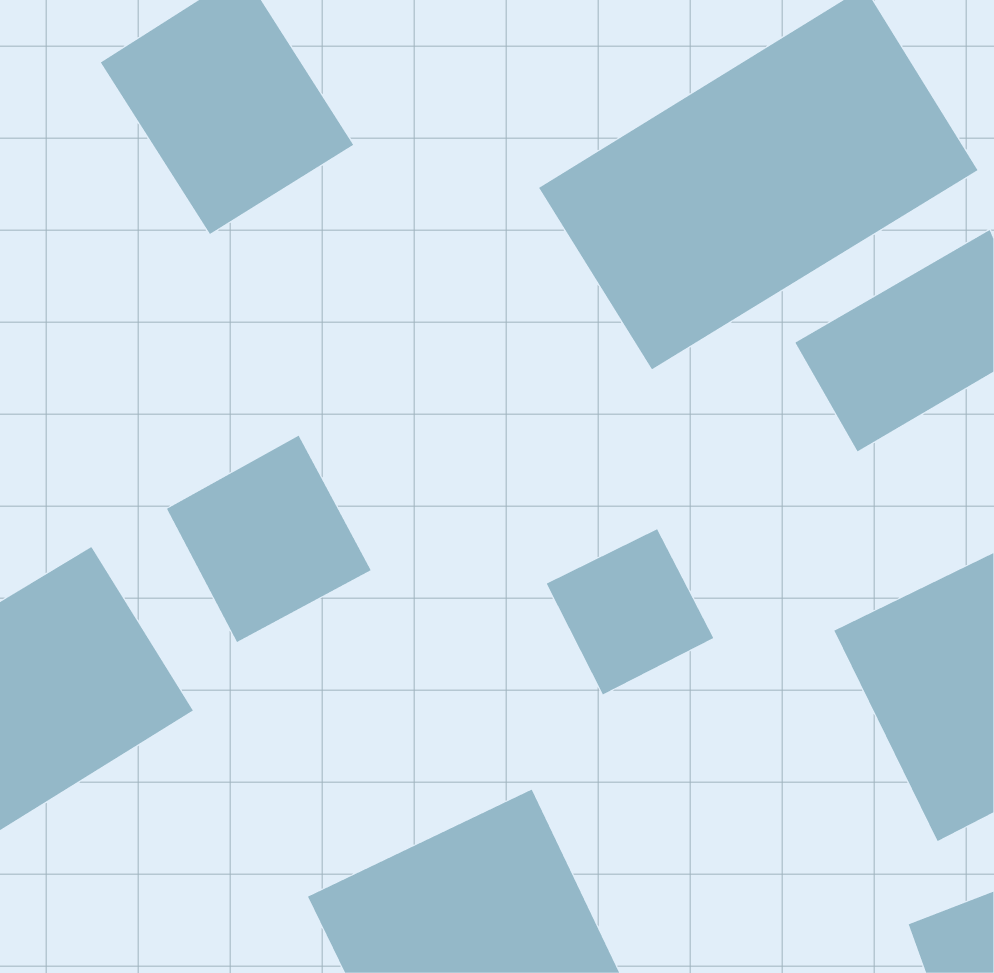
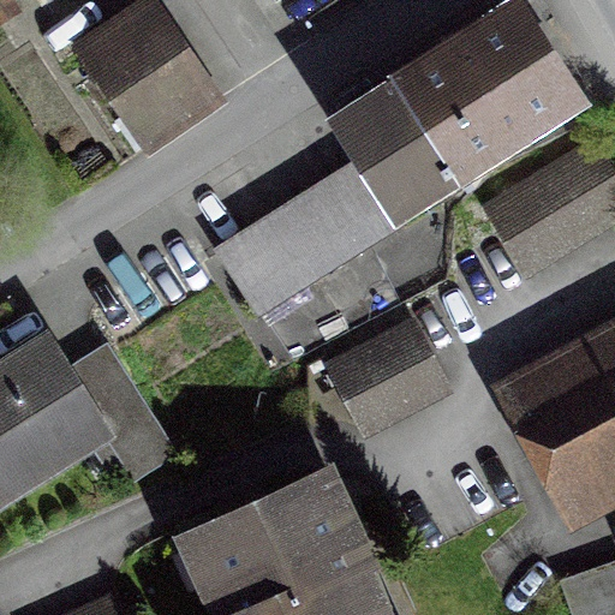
building: none -> [220,171,381,315]
building: [166,435,372,643] -> none

